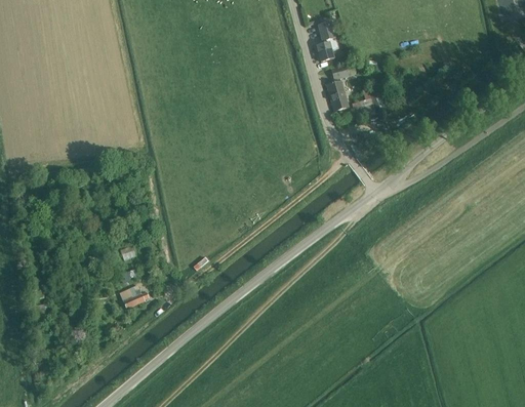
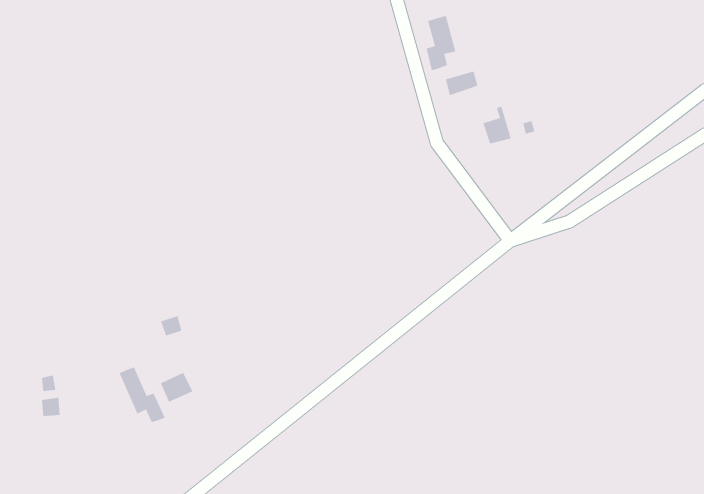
building: [326,81,348,112] -> none
building: none -> [119,366,165,423]

